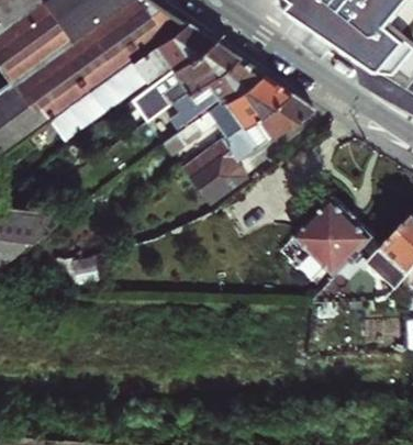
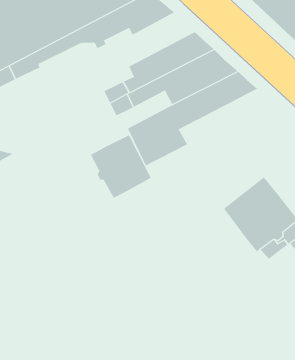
building: [142,41,236,123] -> none
building: none -> [90,134,151,198]

